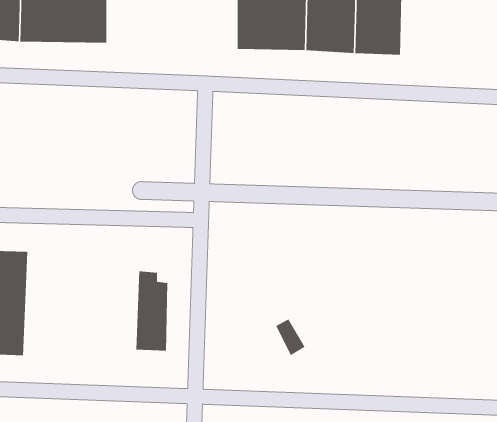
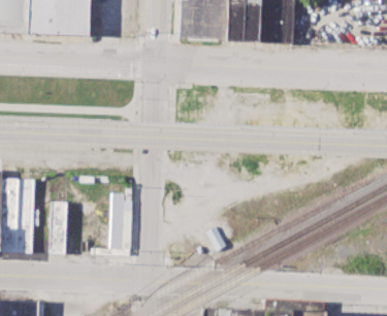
building: none -> [51,200,68,253]

